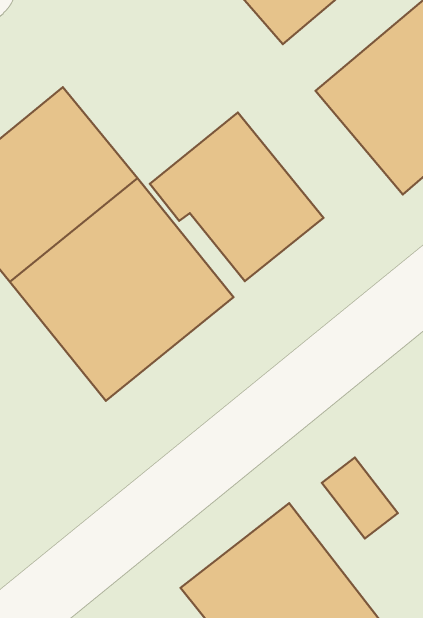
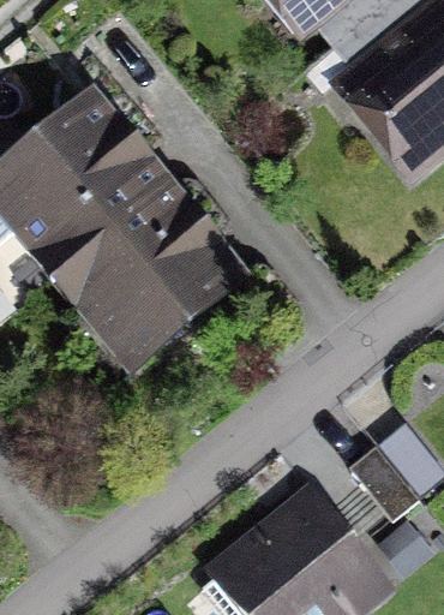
building: [150,113,323,281] -> none

